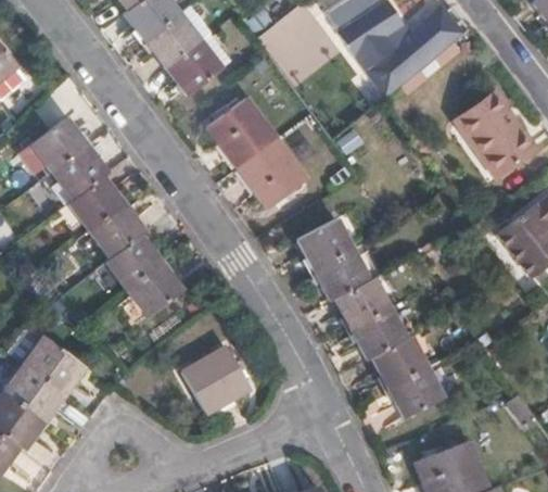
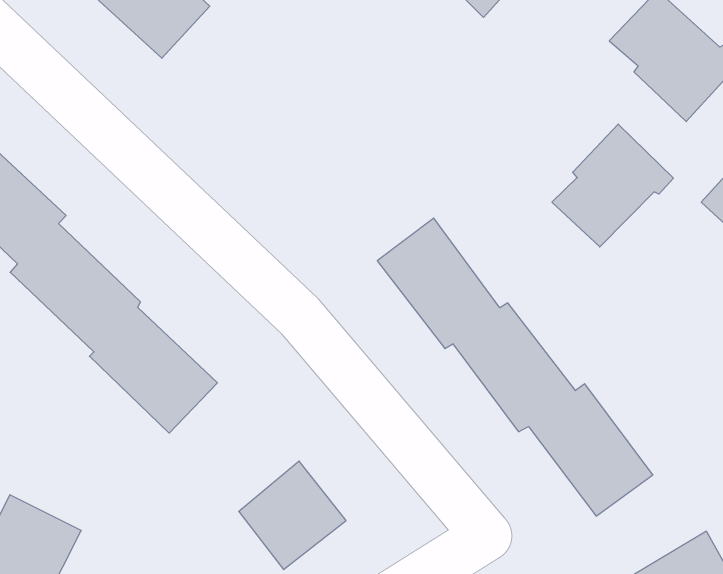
building: [204,90,302,201] -> none
building: none -> [552,124,673,247]

